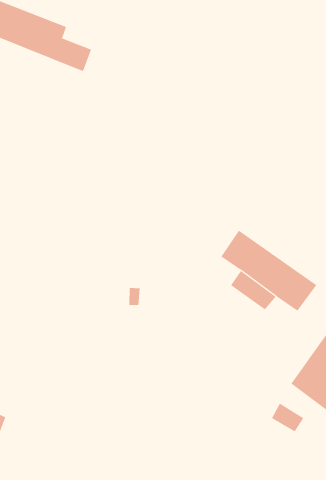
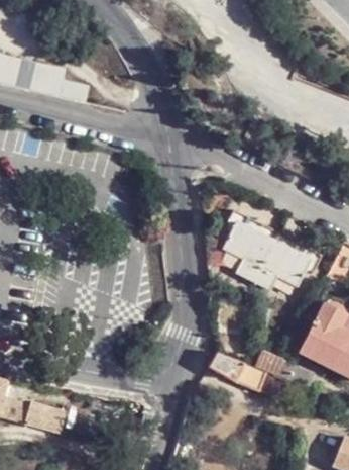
building: none -> [208,353,267,391]

